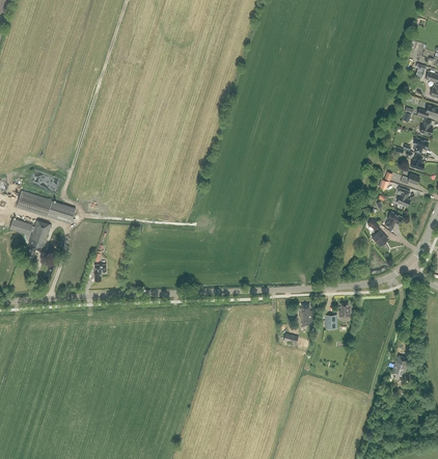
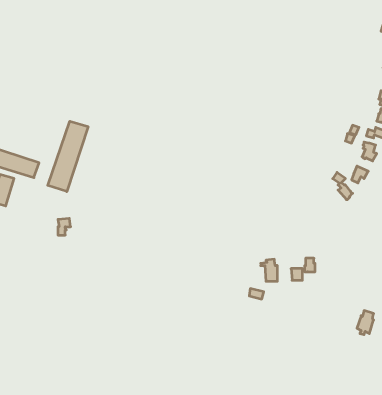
building: none -> [48,121,88,192]

